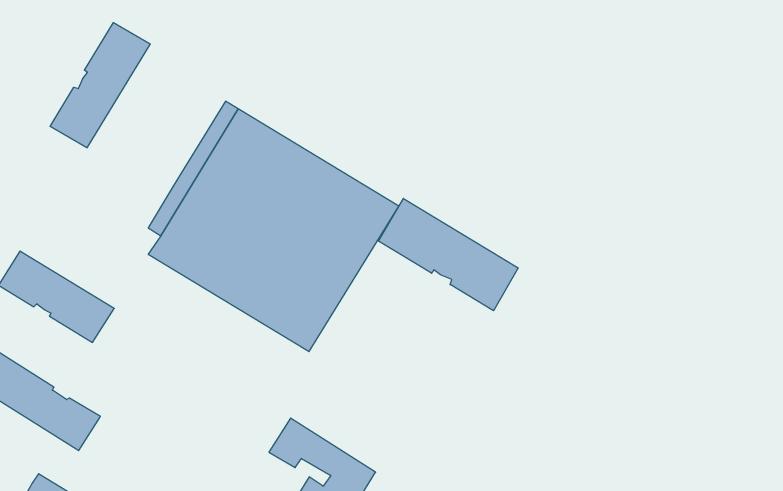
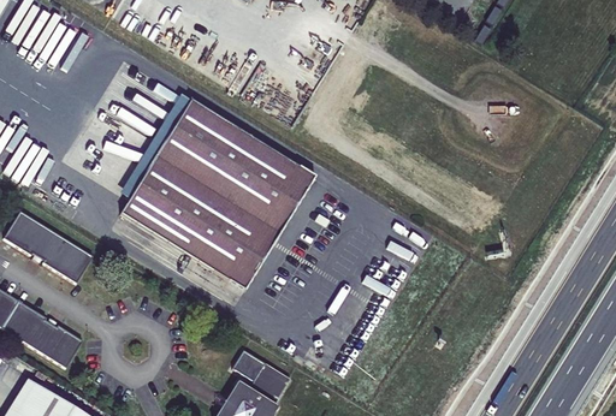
building: [50,23,150,148] -> none
building: [379,198,518,311] -> none

